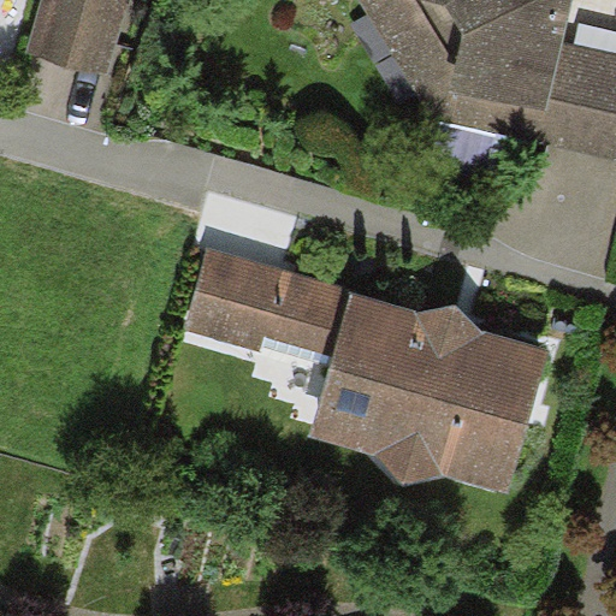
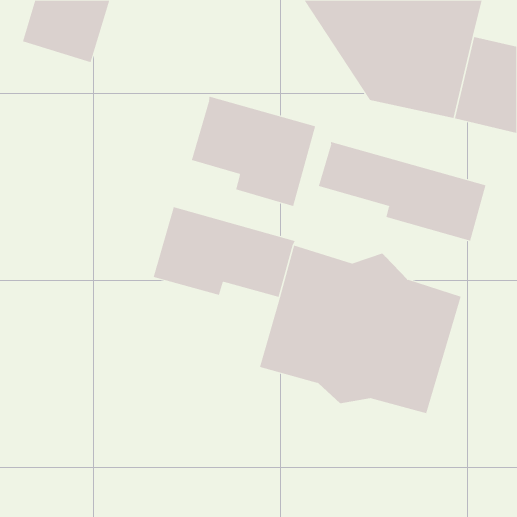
building: none -> [191,96,316,207]
building: none -> [318,141,486,242]

